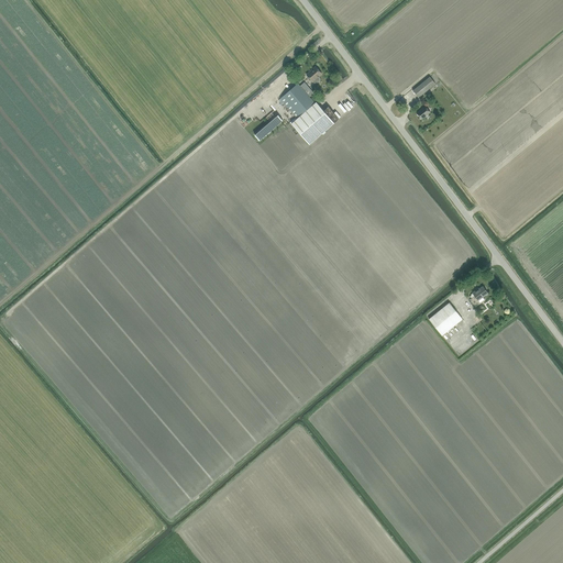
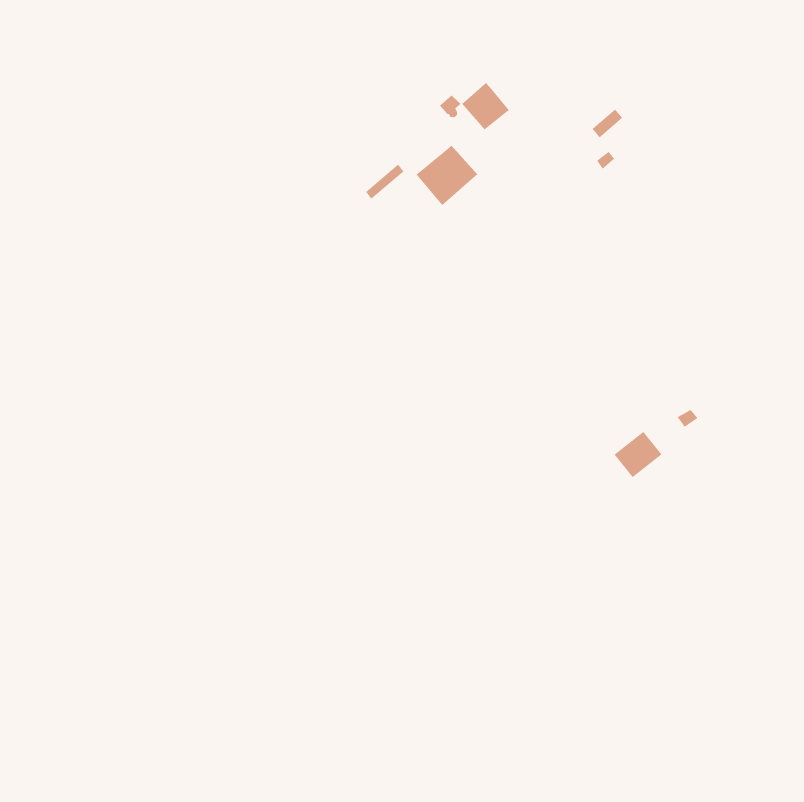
building: [280,82,314,117] -> [461,82,510,131]

